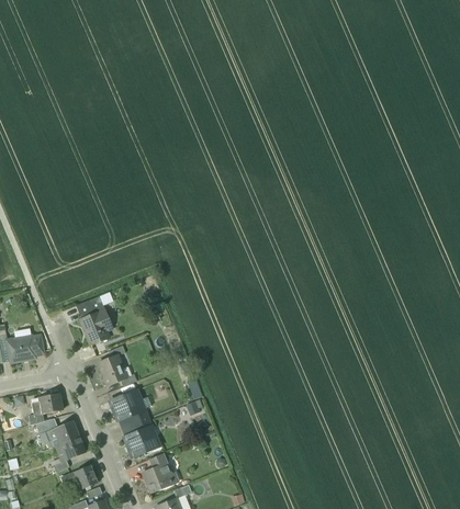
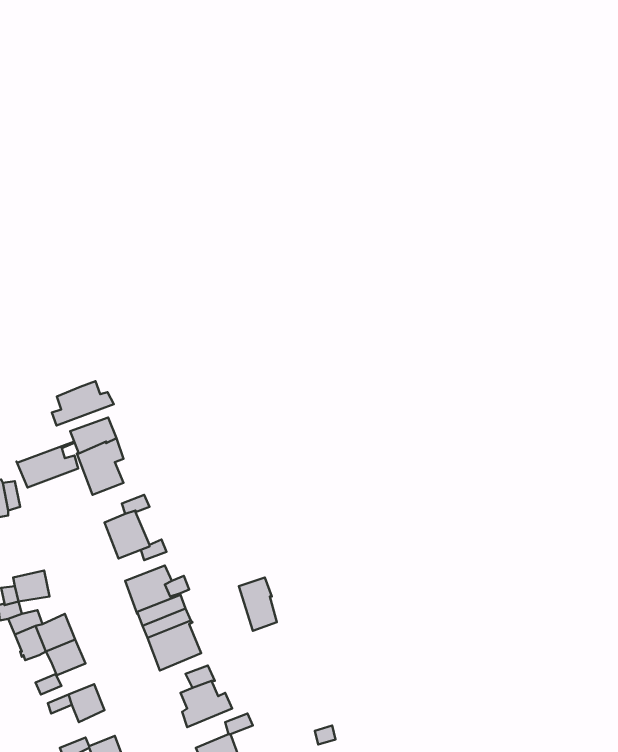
building: none -> [52,381,114,426]
building: none -> [17,442,78,488]

